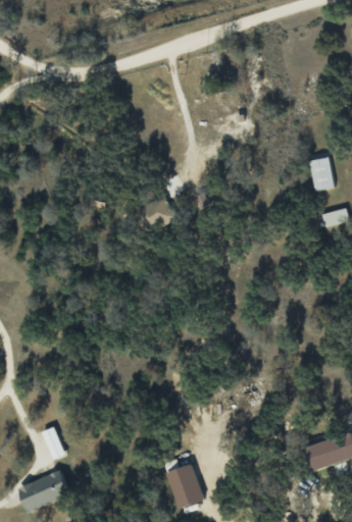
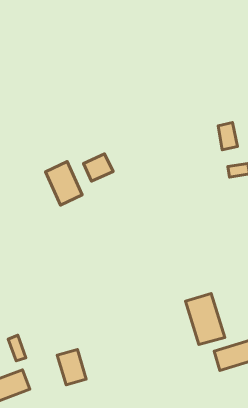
building: none -> [46,162,82,205]
building: none -> [186,293,225,345]
building: [166,464,203,509] -> [57,350,86,385]

